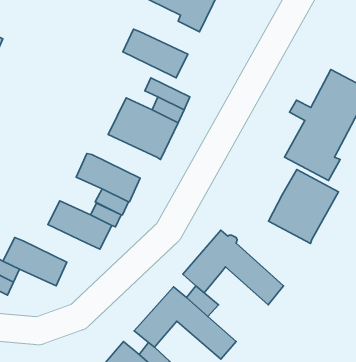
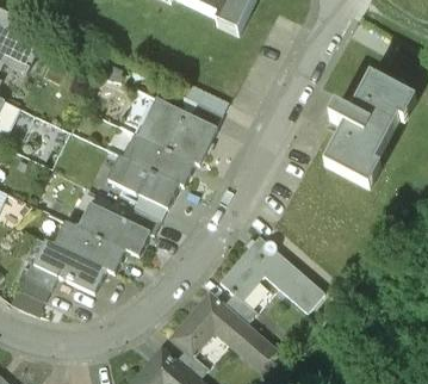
building: [123,29,188,78] -> [129,137,194,186]
building: [269,169,339,244] -> none
building: none -> [60,224,124,273]

